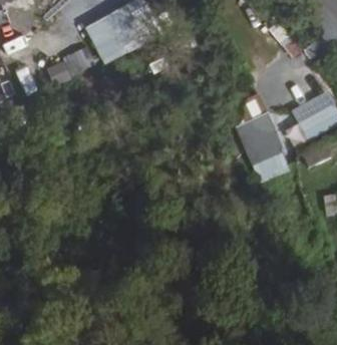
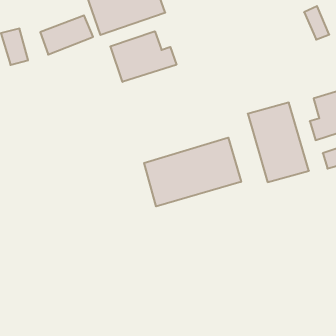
building: none -> [110,31,176,82]
building: none -> [144,138,241,206]

